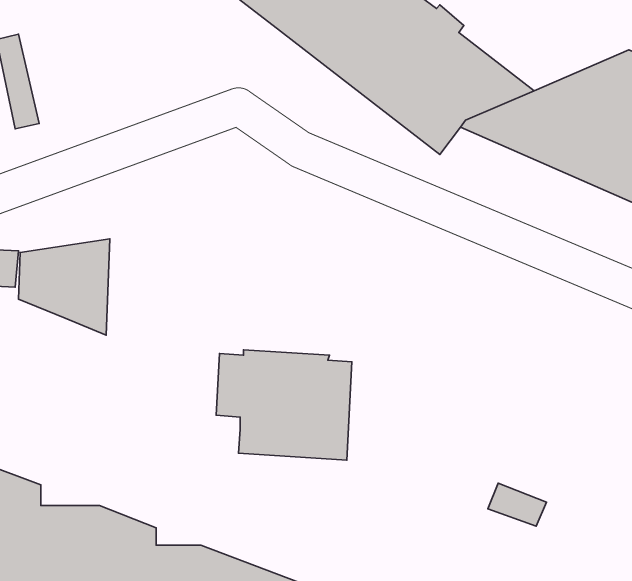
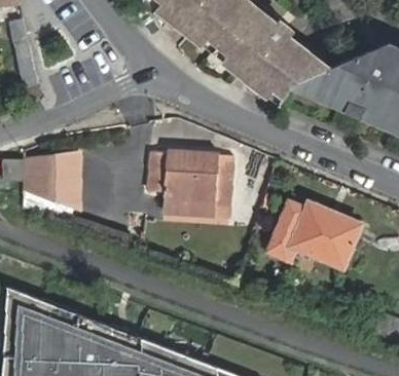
building: none -> [262,199,361,269]
building: [216,350,352,460] -> [151,152,232,218]

